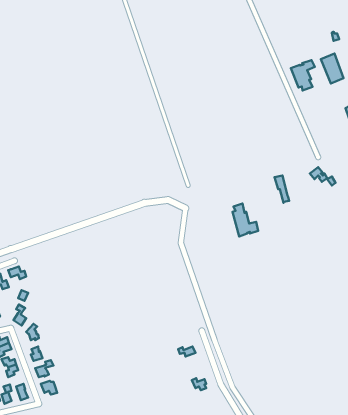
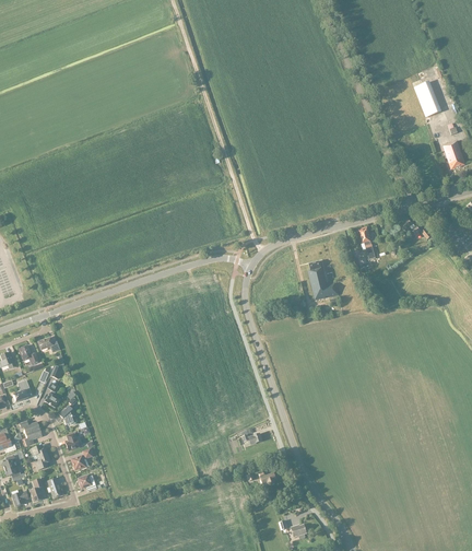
building: [291,60,315,90] -> none

